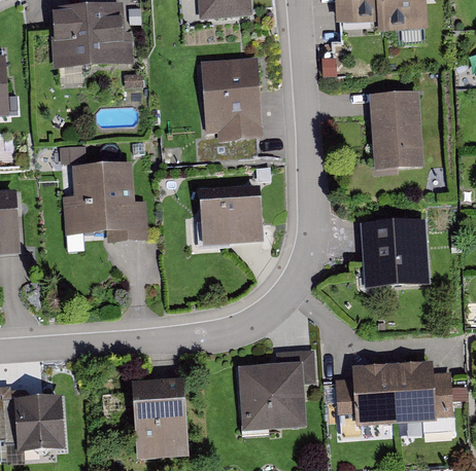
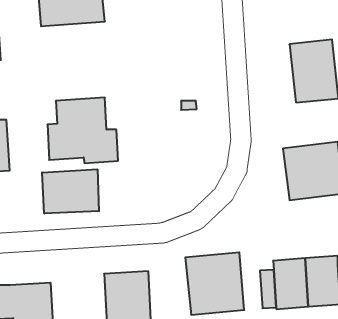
building: [200,55,265,140] -> none
building: [194,184,258,245] -> none
building: none -> [42,169,99,214]

